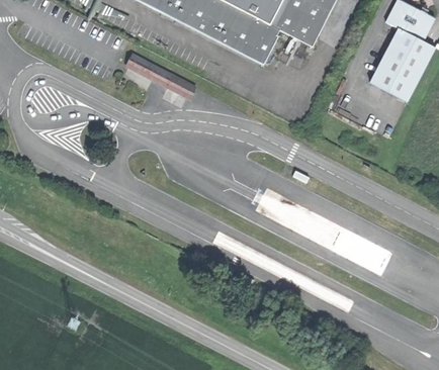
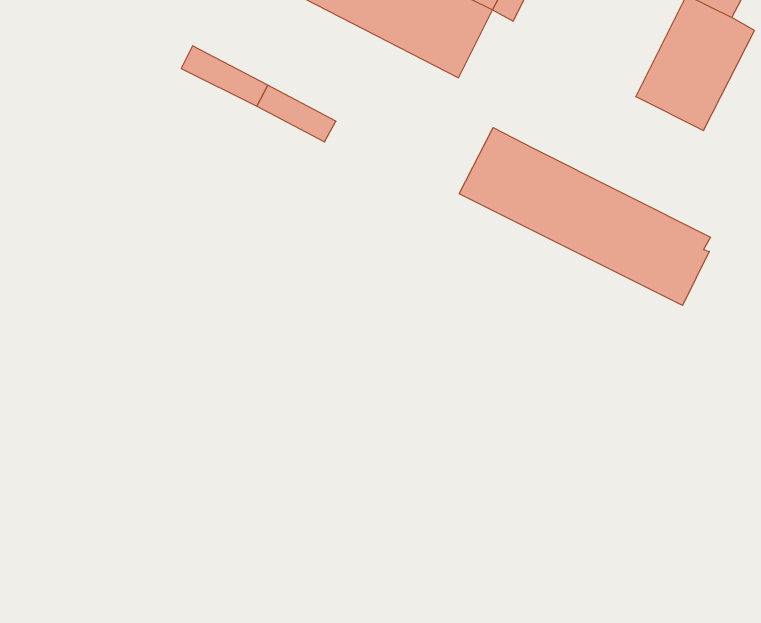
building: none -> [459,128,711,305]

